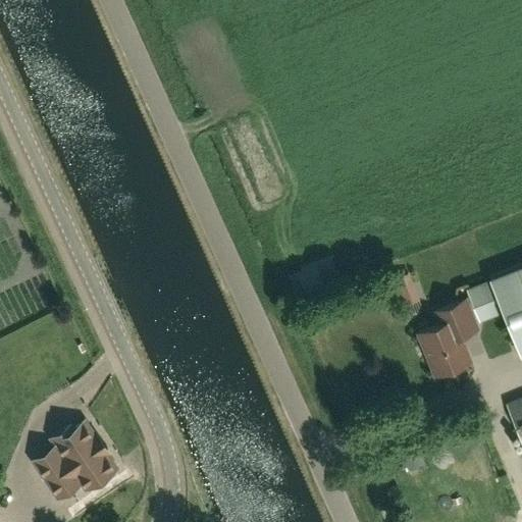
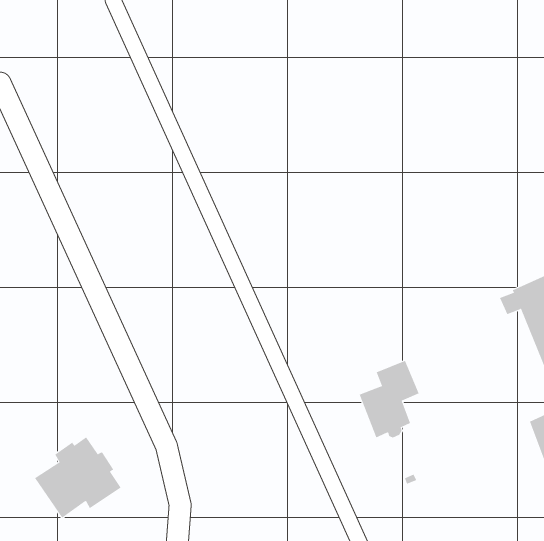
building: [419,303,477,377] -> [359,360,419,438]

